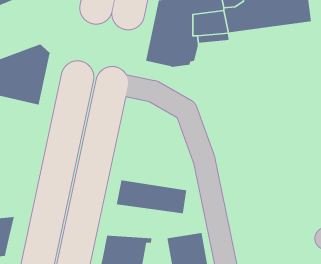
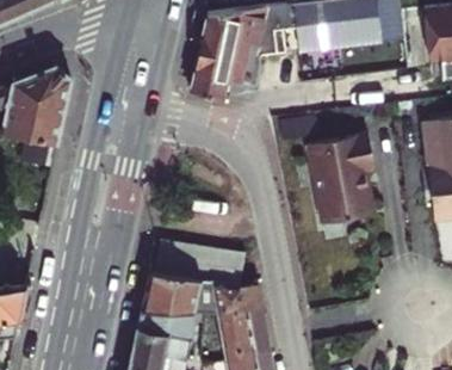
building: none -> [307,134,374,223]
building: none -> [142,273,264,314]

